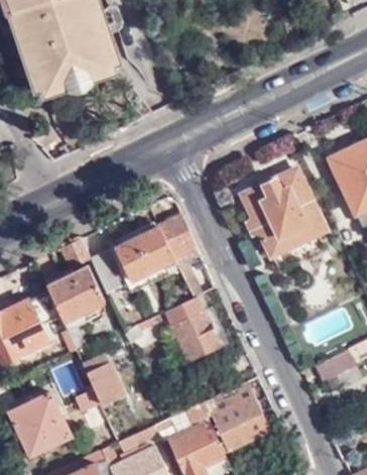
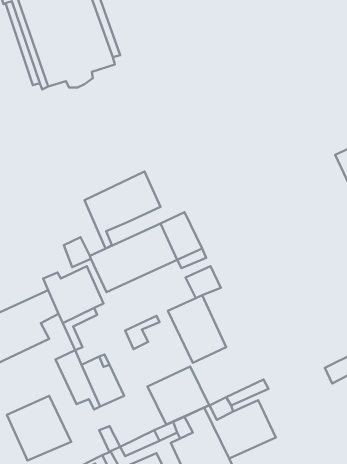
building: [243,172,325,269] -> none
building: none -> [85,172,160,249]
building: none -> [148,367,209,424]

